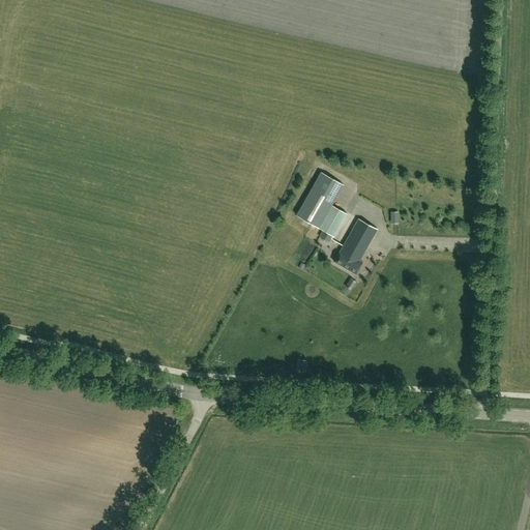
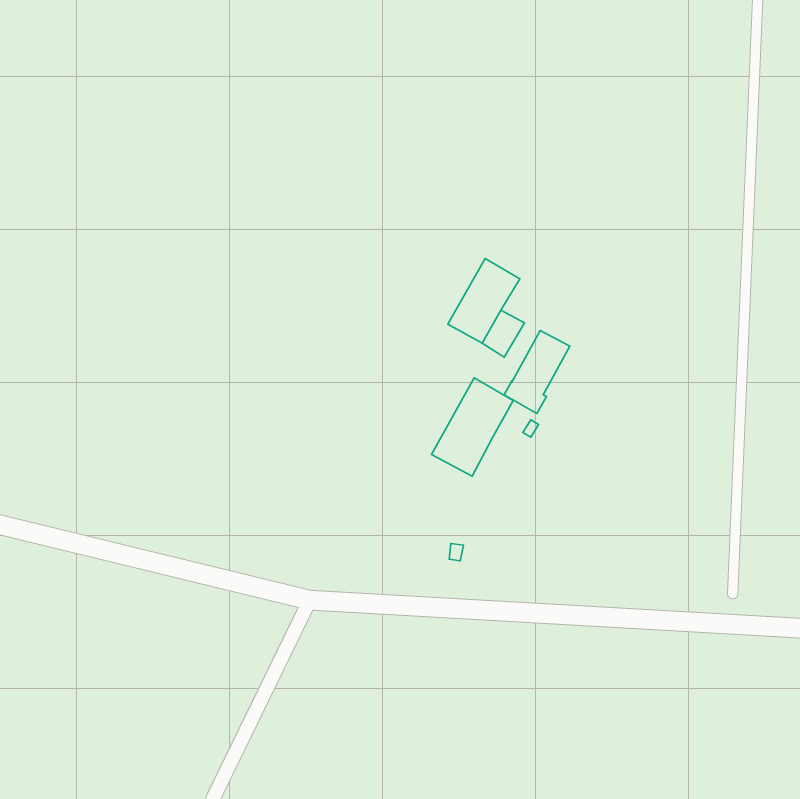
building: none -> [432,378,513,476]

